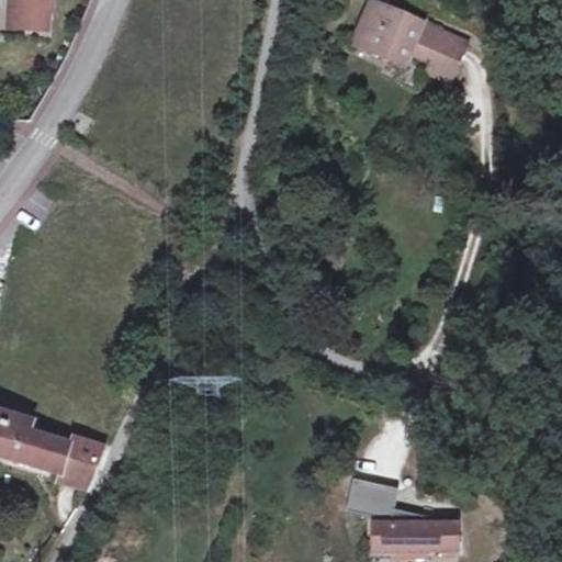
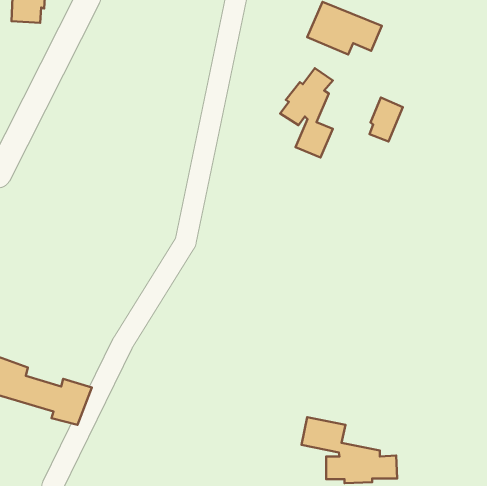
building: [425,30,463,80] -> [369,98,403,142]
building: none -> [280,68,333,157]

